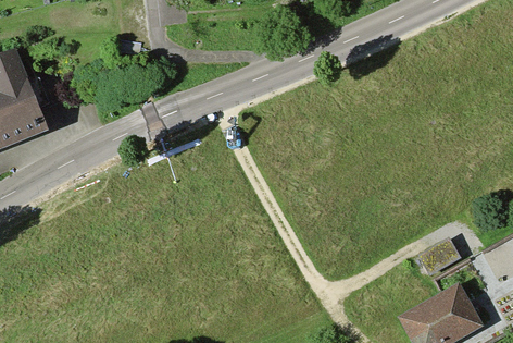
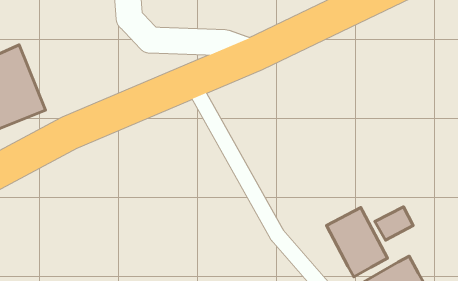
building: none -> [327,207,387,277]

